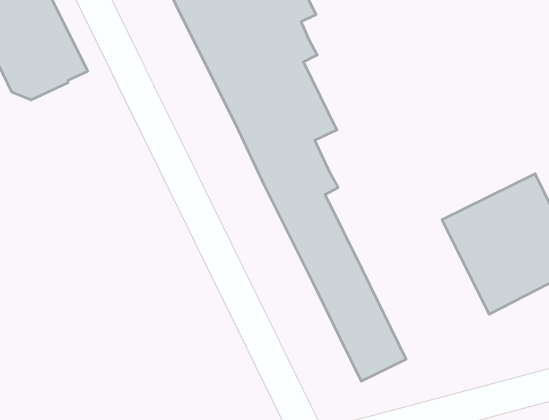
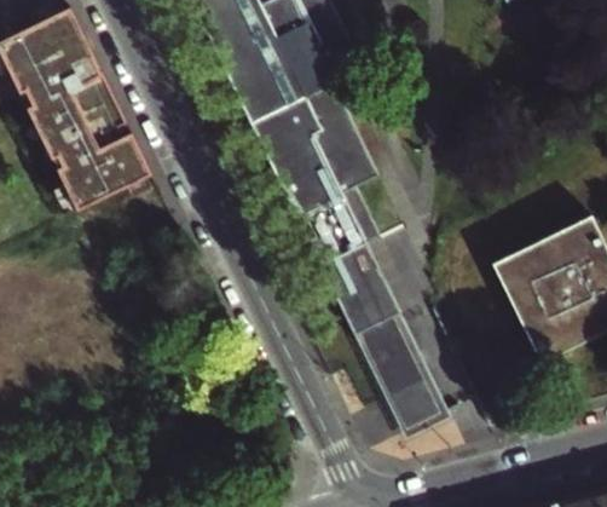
building: none -> [41,110,150,207]

